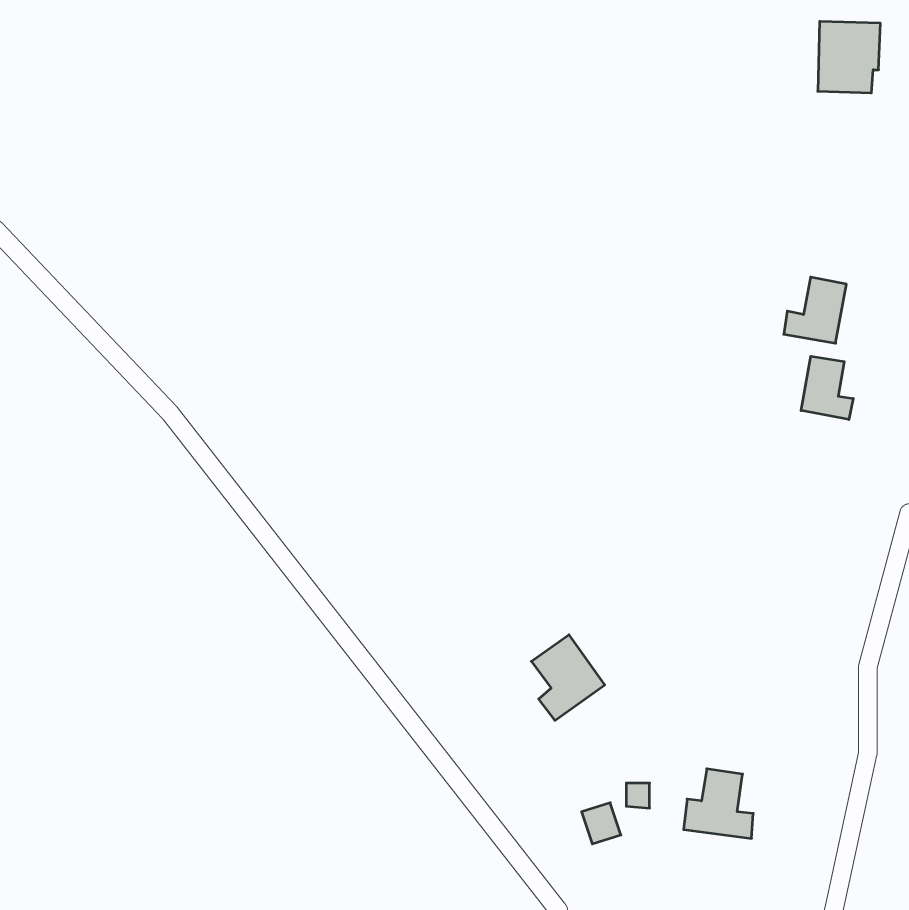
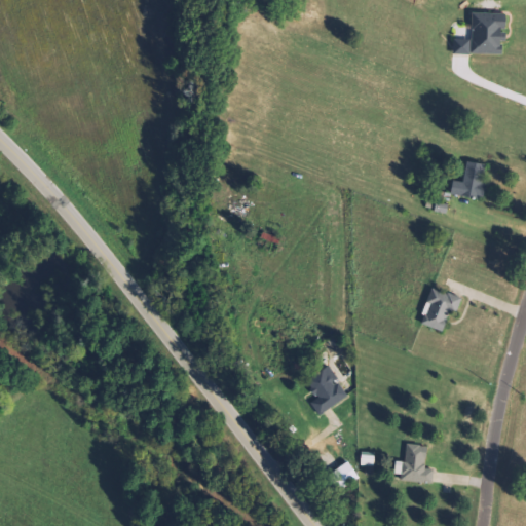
building: [801,356,853,420] -> none
building: none -> [418,286,460,330]

